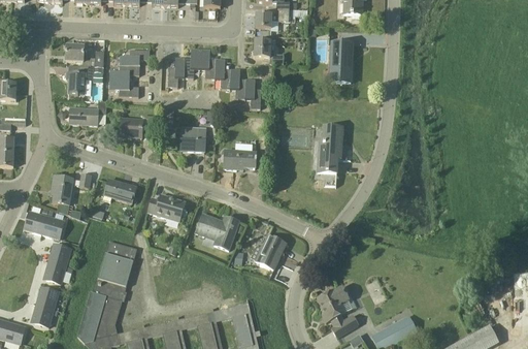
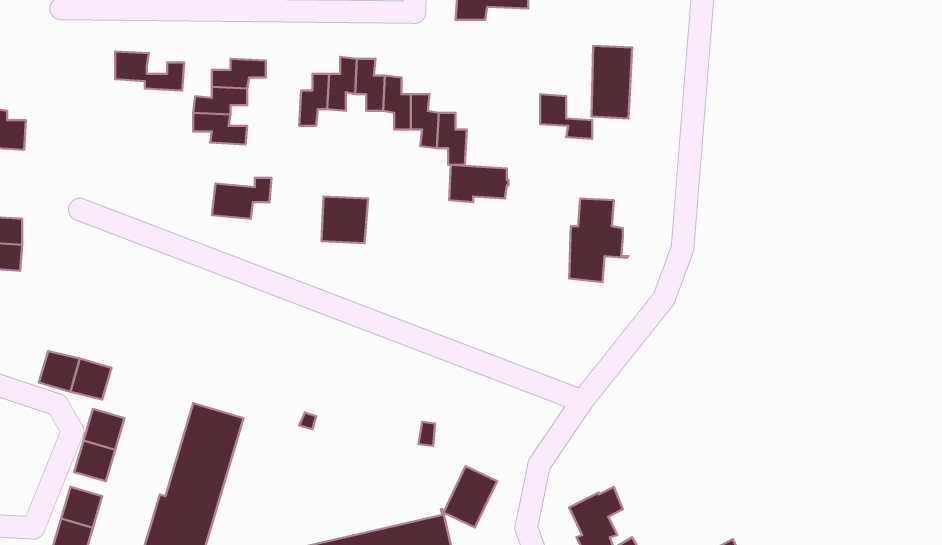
building: [255,39,284,64] -> [540,94,592,139]
building: [67,65,102,94] -> none
building: [69,100,106,124] -> none
building: [224,149,257,169] -> [449,165,509,202]
building: [52,172,91,203] -> none
building: [103,178,136,202] -> none
building: [147,194,187,221] -> none
building: [195,213,239,249] -> none
building: [256,234,286,268] -> [443,466,497,528]

